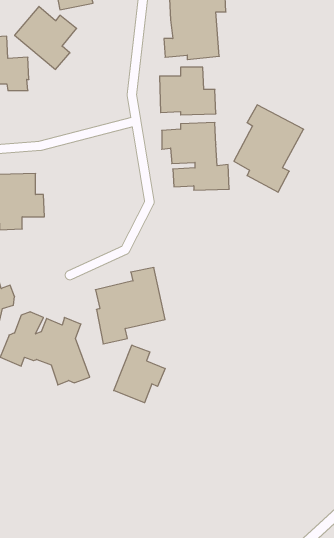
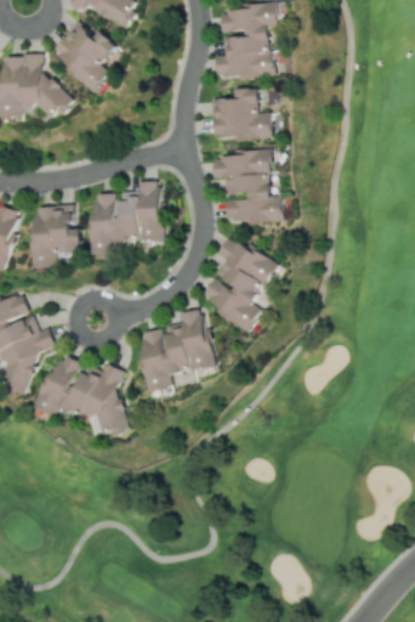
building: [234,105,304,192] -> [201,236,278,332]
building: none -> [92,181,164,254]
building: [114,345,165,403] -> none

